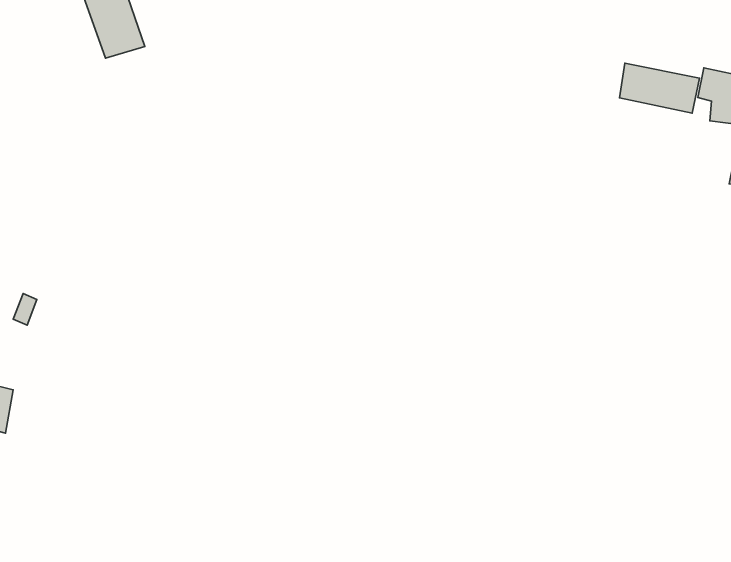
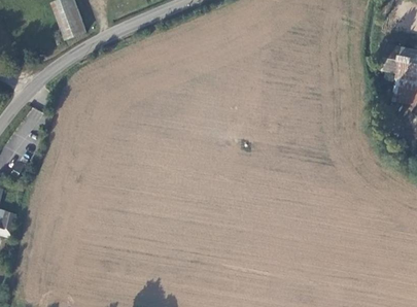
building: [620,63,699,113] -> none

